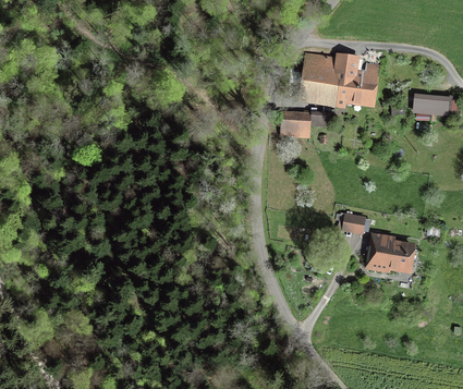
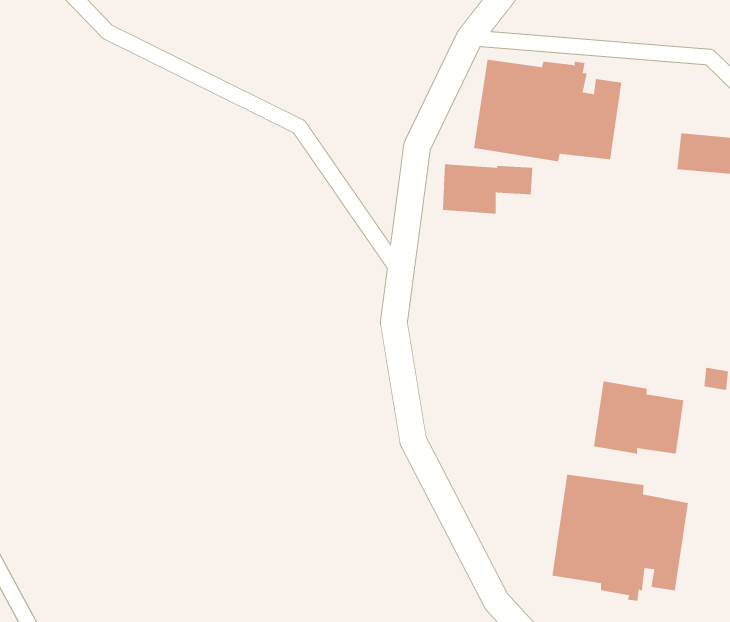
building: [336,210,370,234] -> none
building: none -> [552,474,688,601]

